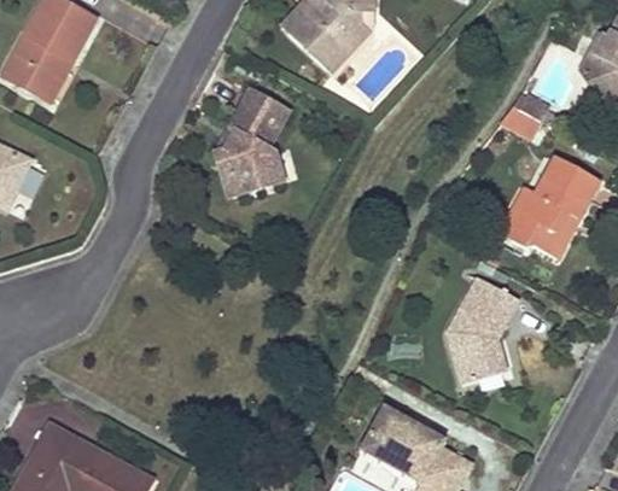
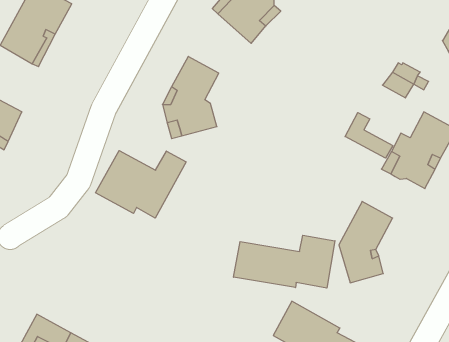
building: none -> [345,113,393,158]
building: none -> [96,151,186,218]
building: none -> [234,235,335,288]

